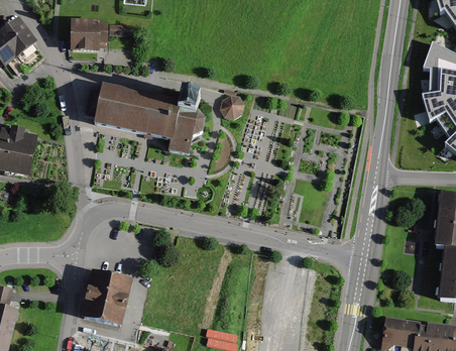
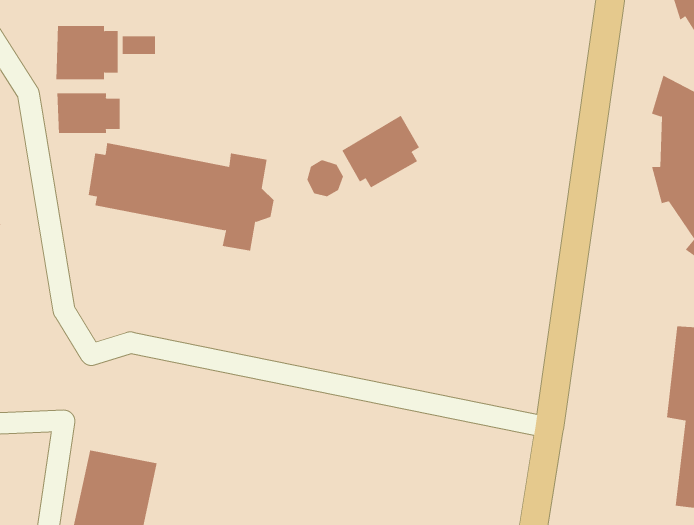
building: none -> [57,93,120,134]
building: none -> [341,115,420,188]

